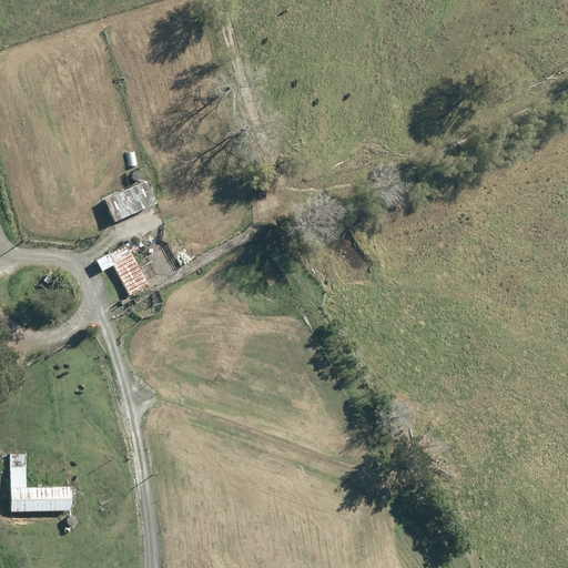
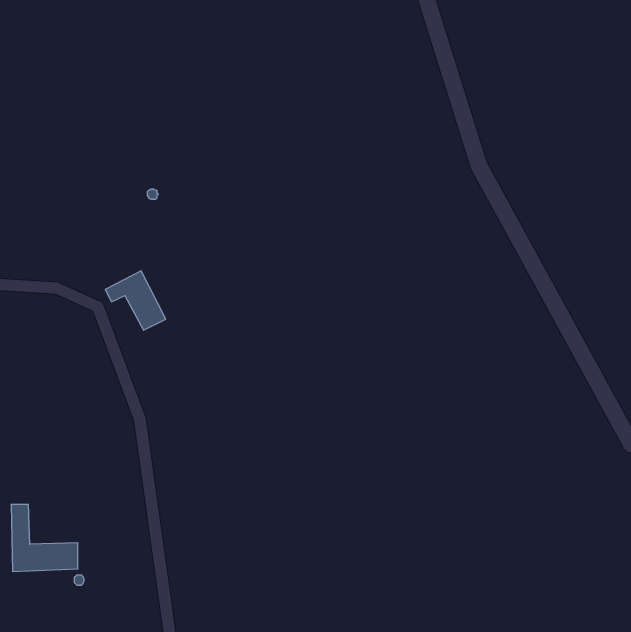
building: [104,181,156,223] -> none

